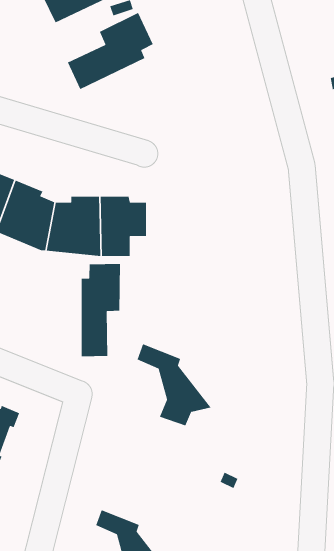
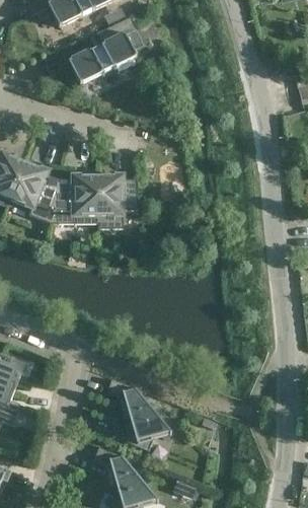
building: [81,263,121,357] -> none
building: [137,343,212,427] -> [107,378,172,450]

